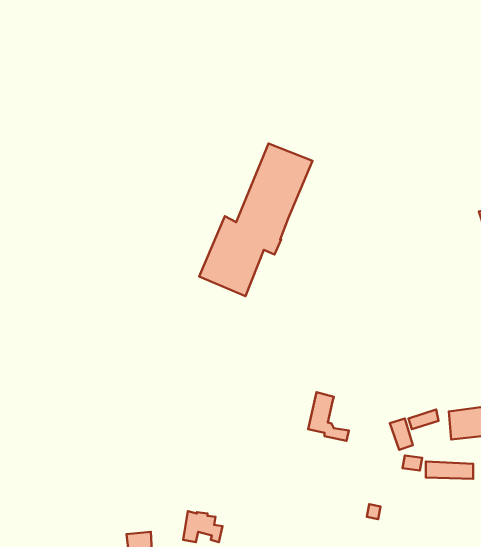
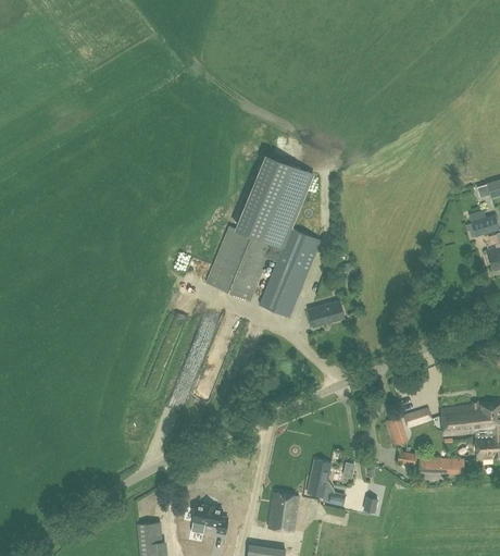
building: none -> [259,228,320,318]
building: none -> [307,301,343,328]
building: [308,392,349,441] -> [307,459,345,505]
building: none -> [267,493,297,532]

